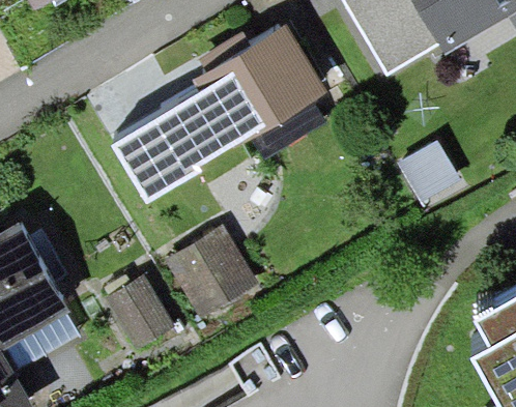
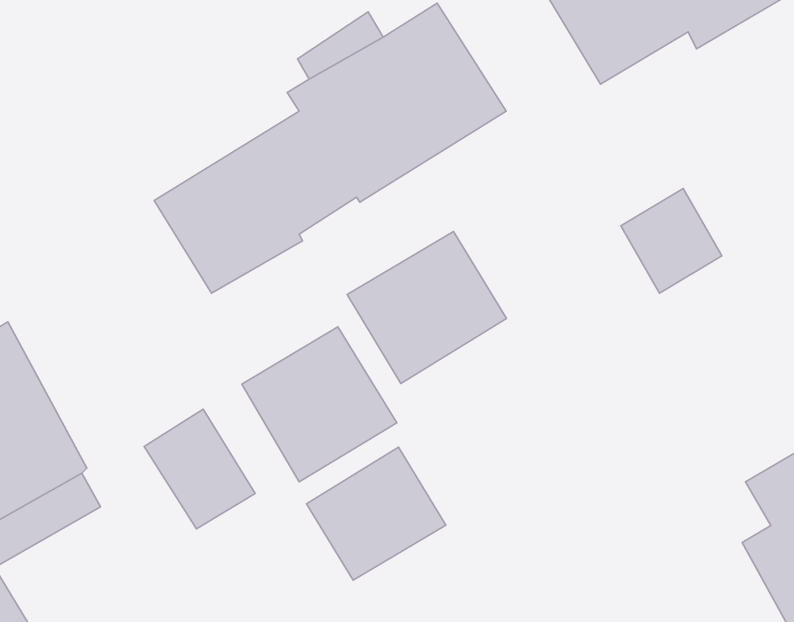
building: none -> [347,231,507,384]
building: none -> [306,447,446,580]

